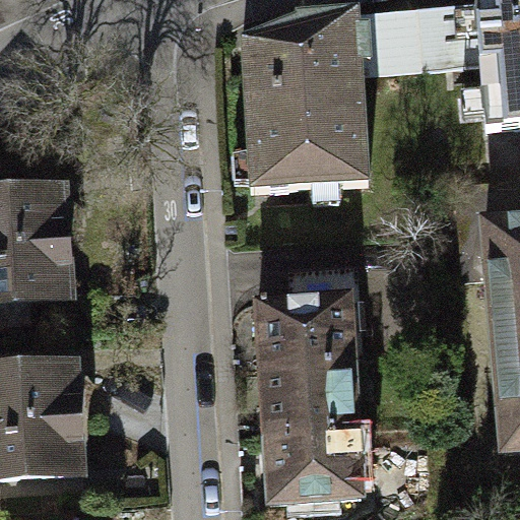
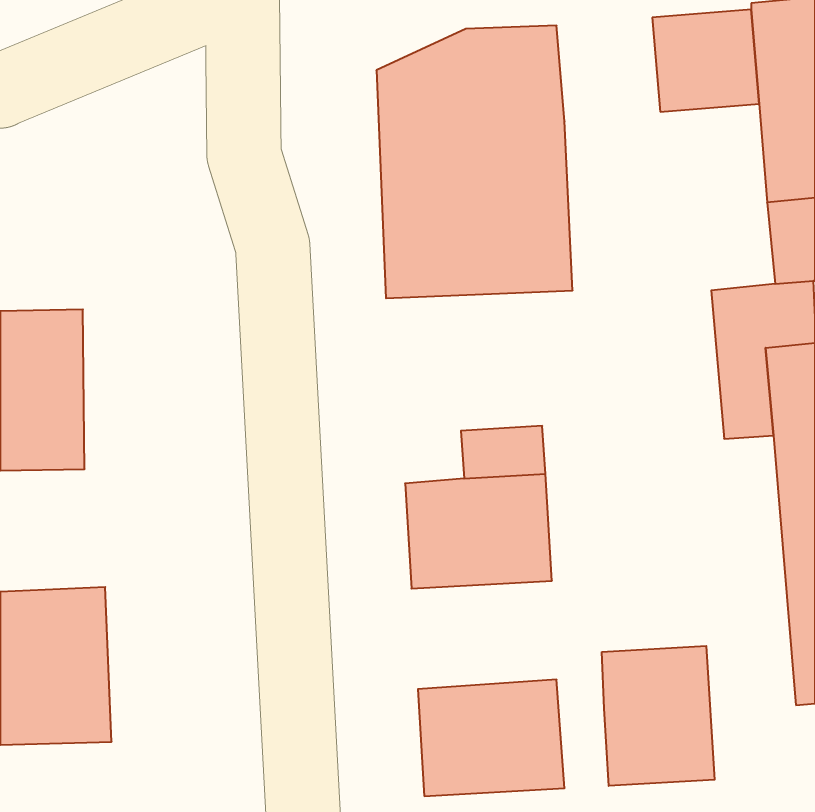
building: [354,11,420,77] -> none
building: [262,370,354,439] -> none
building: none -> [602,646,715,786]

